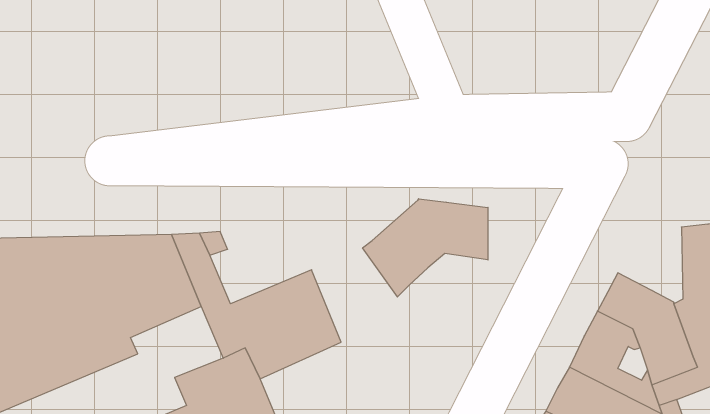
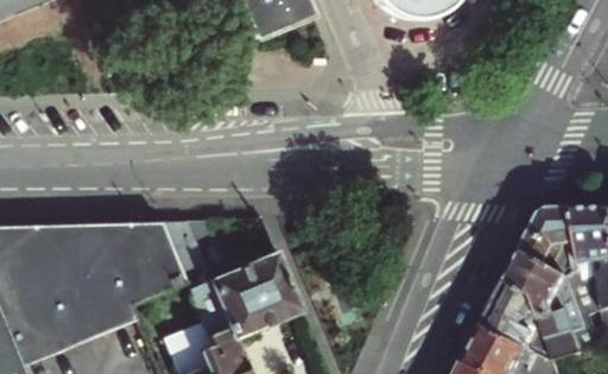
building: [363,199,488,297] -> none
building: none -> [526,215,578,277]

